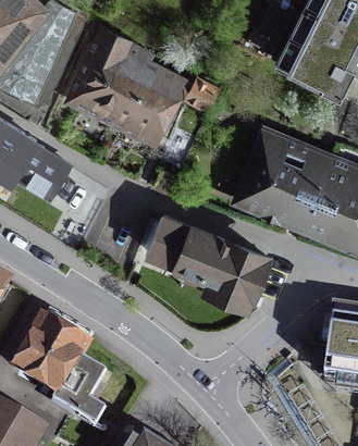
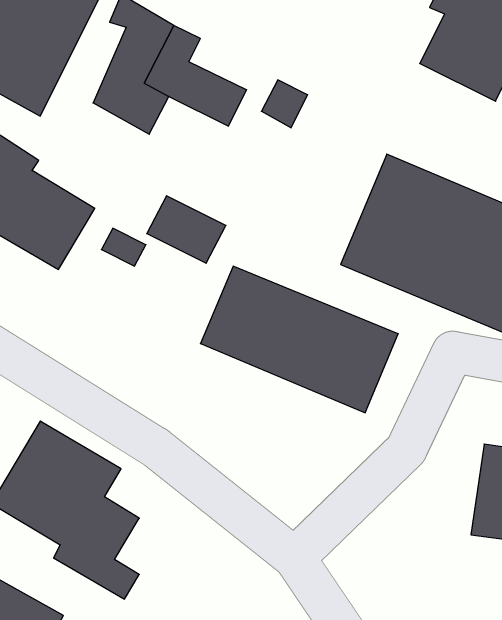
building: [109,90,161,135] -> [147,196,226,263]

